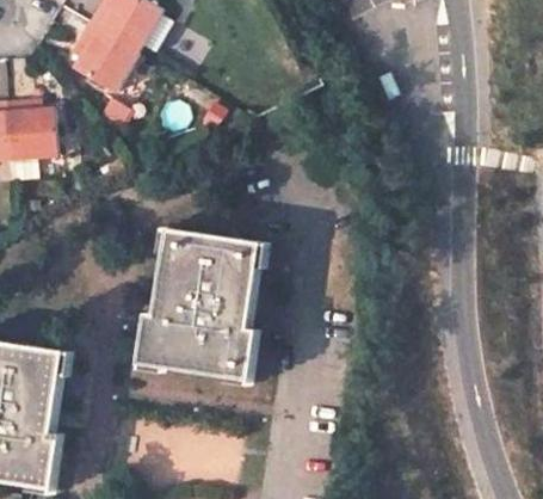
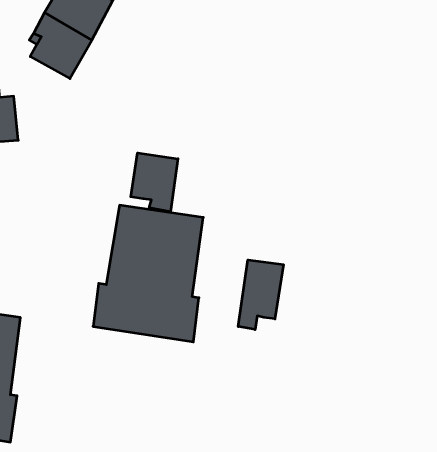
building: none -> [131,153,178,212]
building: none -> [238,260,283,330]

